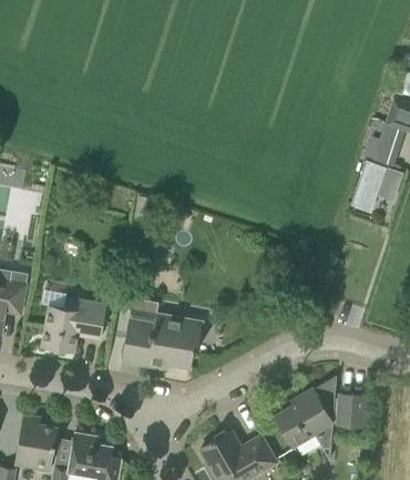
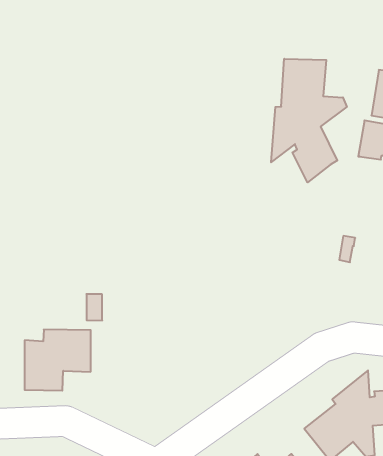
building: none -> [271,59,347,182]
building: [121,313,203,367] -> none

